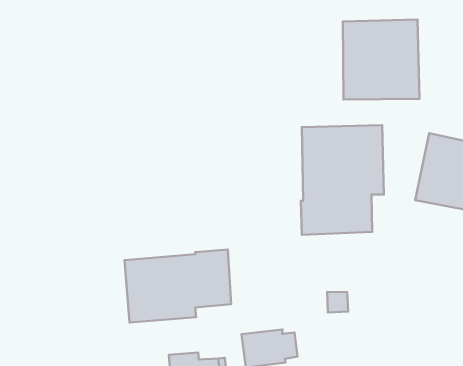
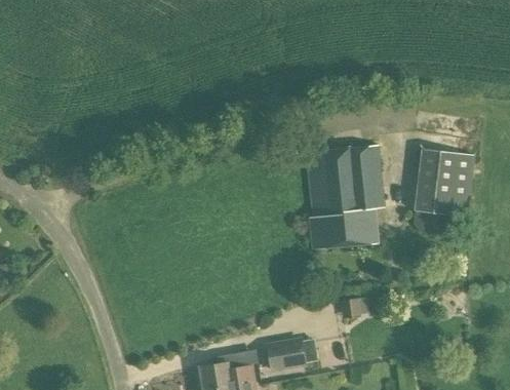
building: [343,20,419,100] -> none
building: [124,250,231,323] -> none

